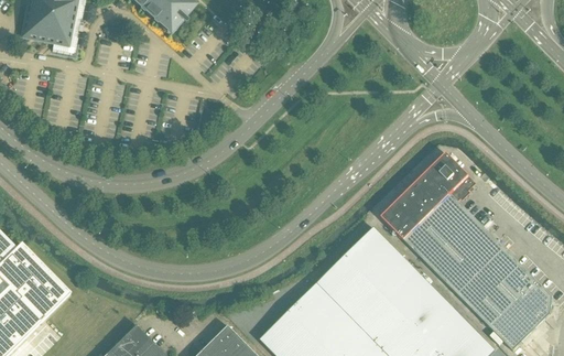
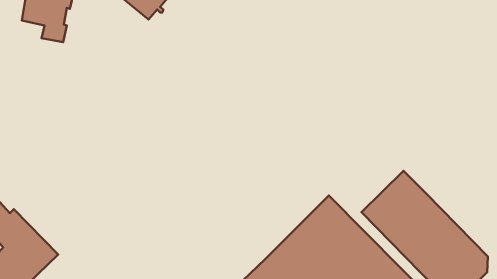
building: [380,152,475,246] -> none

